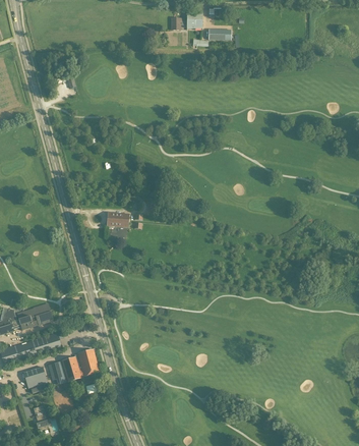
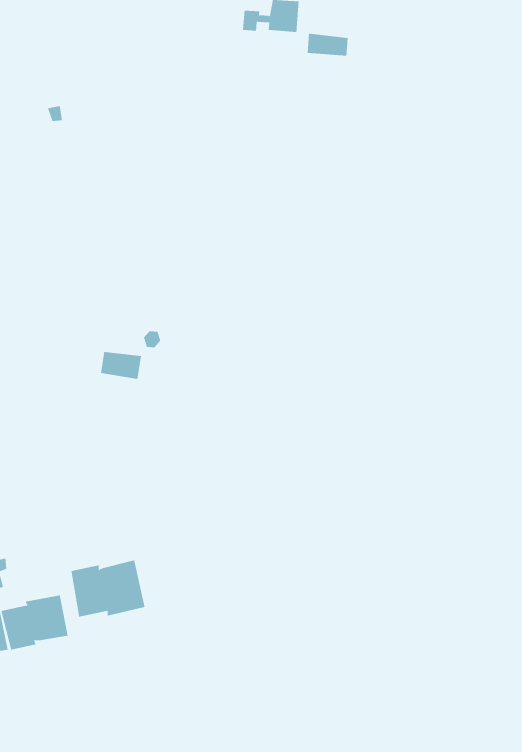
building: none -> [71,560,145,618]

